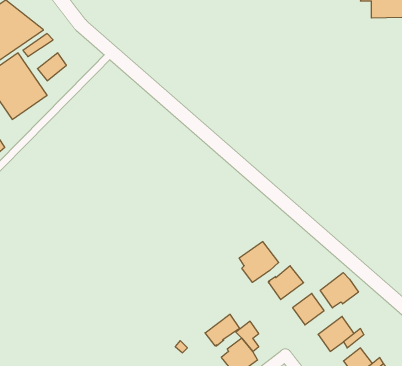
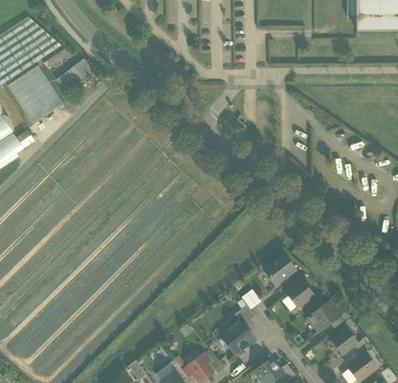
building: [239,242,279,282] -> none
building: [320,273,358,308] -> none
building: [205,314,240,346] -> none

